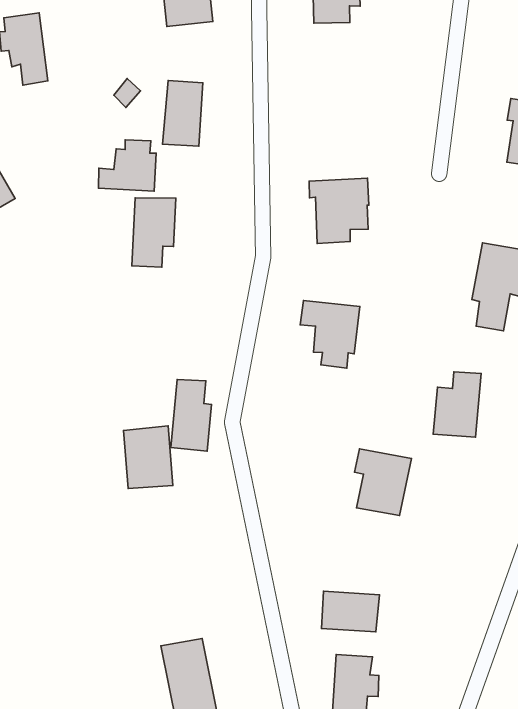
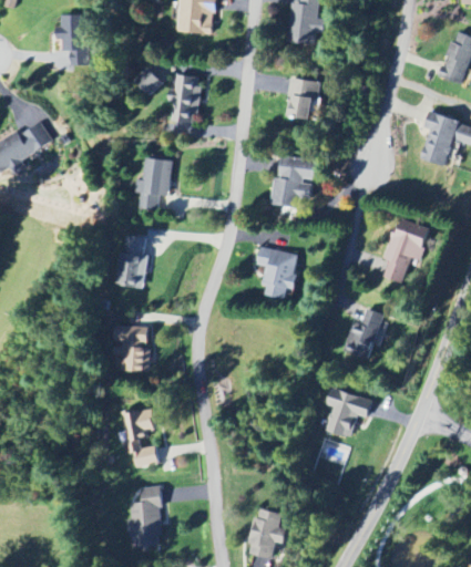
building: none -> [285,76,320,120]
building: [99,140,156,191] -> none
building: [171,379,211,451] -> [115,234,149,289]
building: [354,449,412,515] -> [326,388,370,440]
building: none -> [121,408,157,470]
building: [321,591,379,632] -> none

